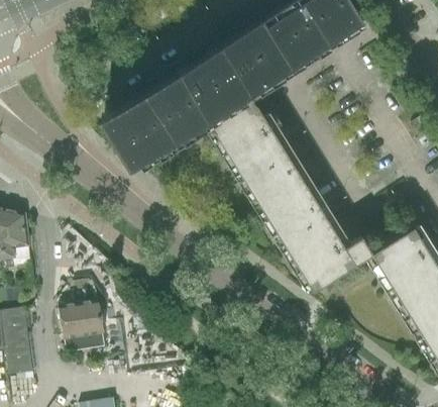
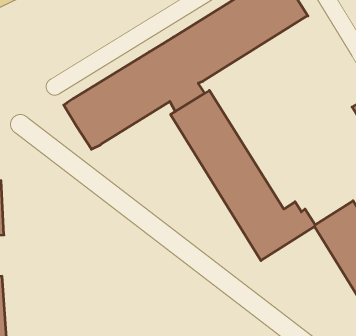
building: [61,303,106,352] -> none

